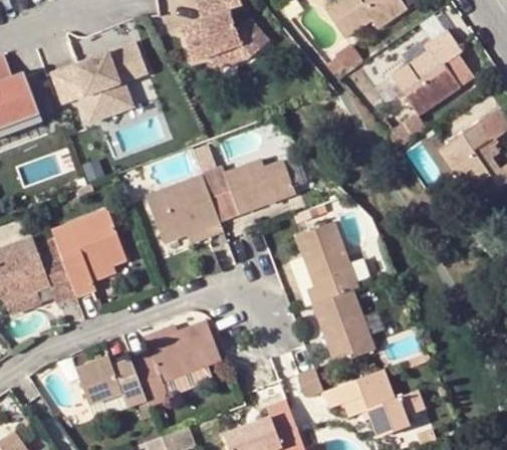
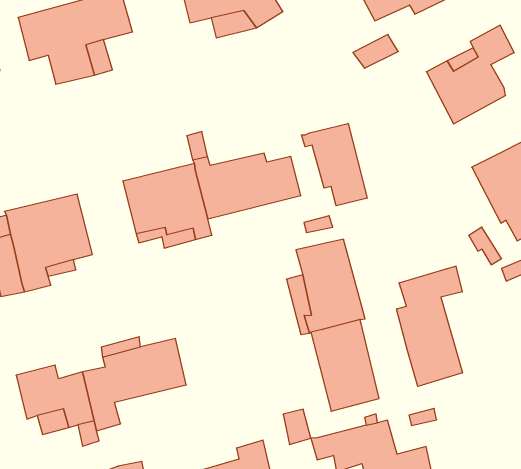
building: none -> [302,123,367,206]
building: none -> [397,266,462,386]

